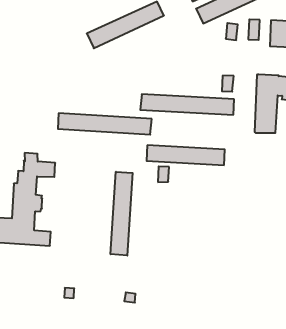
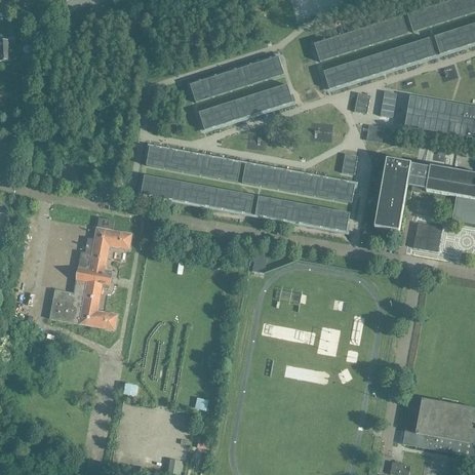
building: none -> [198,83,292,128]
building: none -> [146,146,240,181]
building: [147,145,225,165] -> [254,195,349,230]
building: [111,172,133,256] -> none

